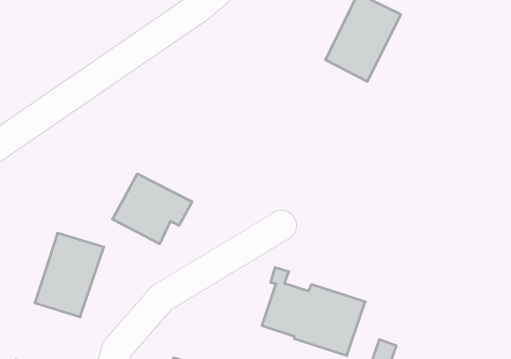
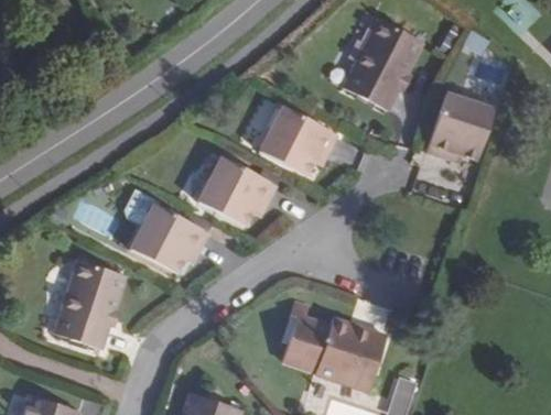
building: none -> [424,89,494,157]
building: none -> [259,107,339,177]
building: none -> [197,155,277,226]

